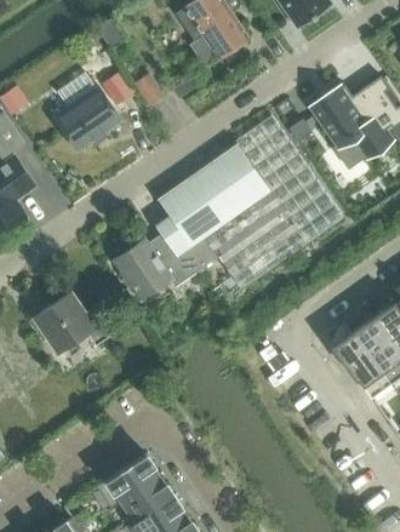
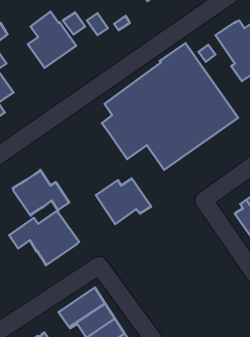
building: [114,236,190,299] -> [96,178,151,224]
building: none -> [9,210,79,265]

